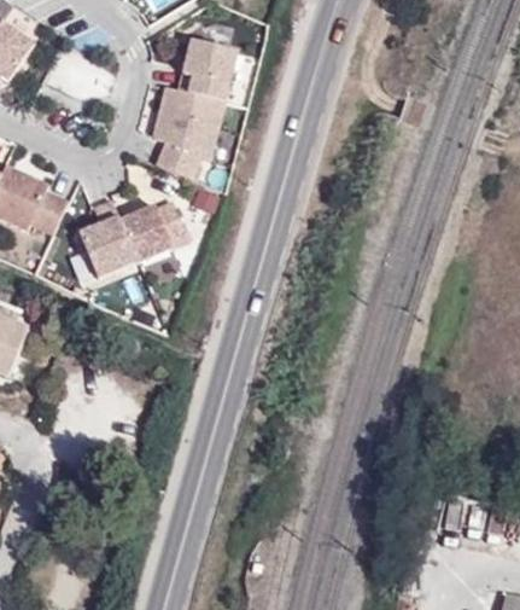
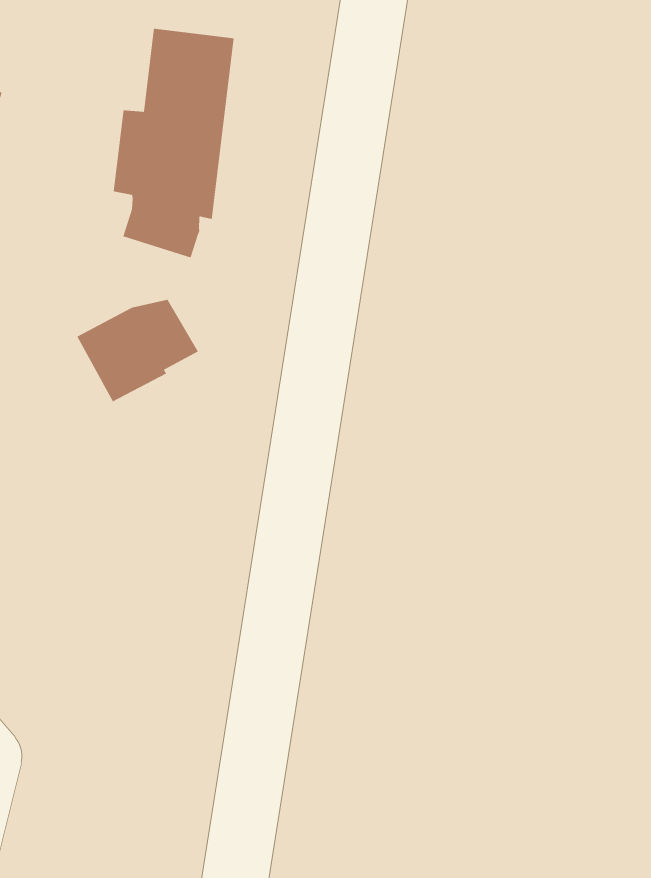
building: [78,197,136,278] -> none

